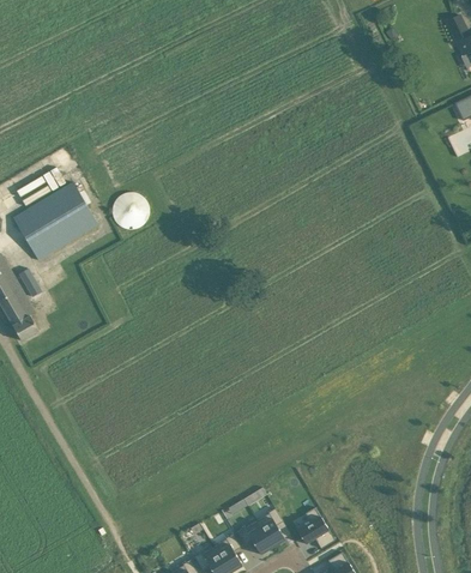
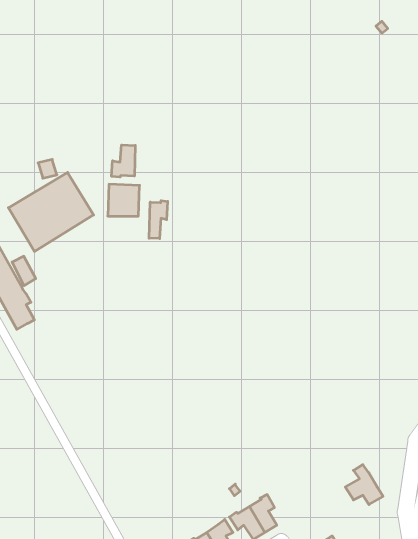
building: none -> [112,145,135,177]
building: none -> [149,201,168,239]
building: [296,507,334,548] -> [345,465,383,505]

